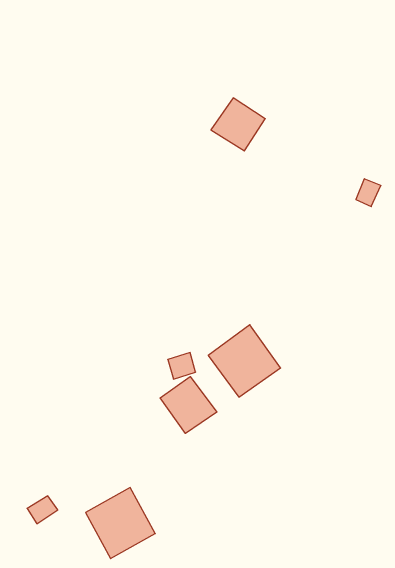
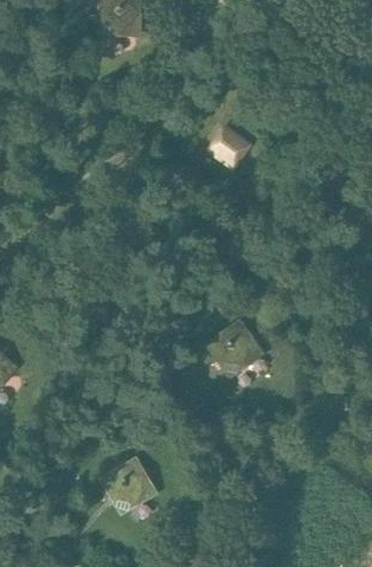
building: [160,377,217,433] -> none

